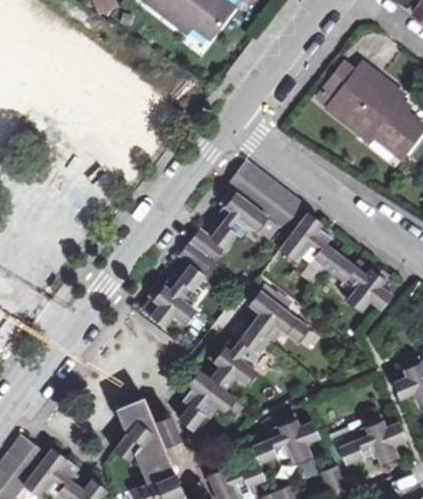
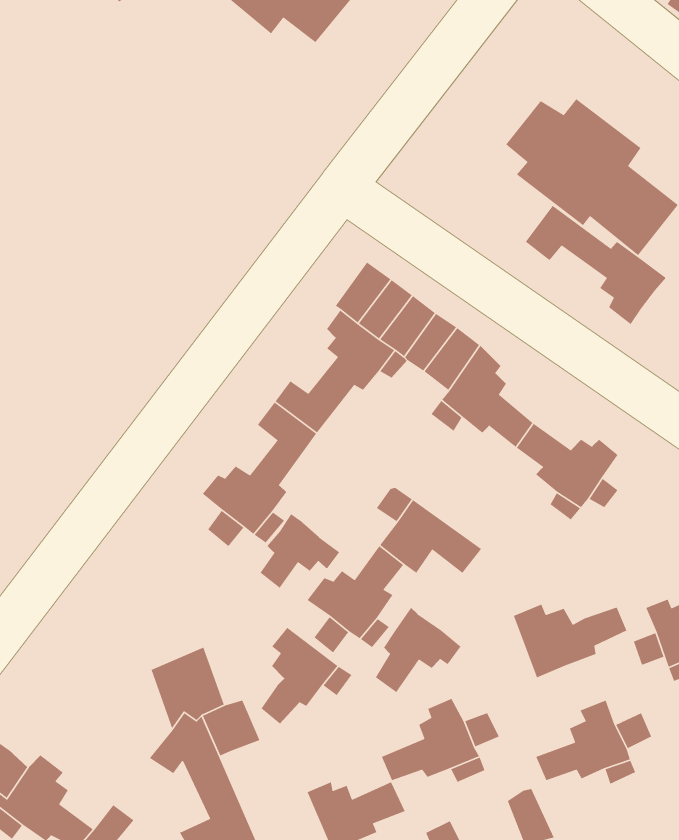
building: none -> [525,205,667,325]
building: none -> [260,513,340,589]
building: none -> [513,603,628,678]
building: none -> [375,607,461,693]

